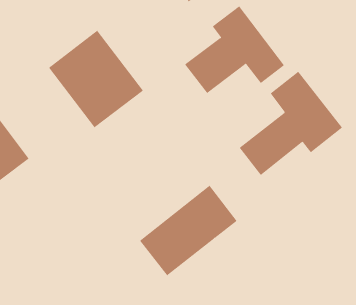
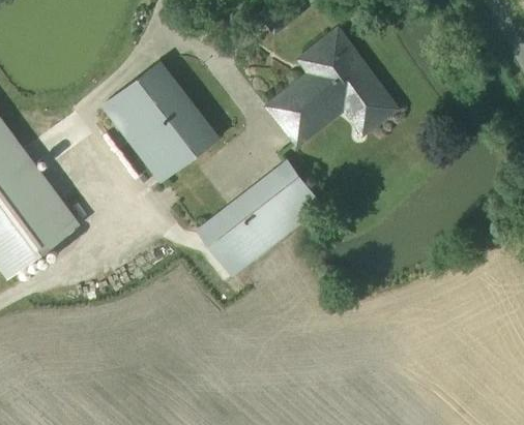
building: [239,71,343,176] -> none
building: [139,185,237,276] -> [200,160,321,273]

